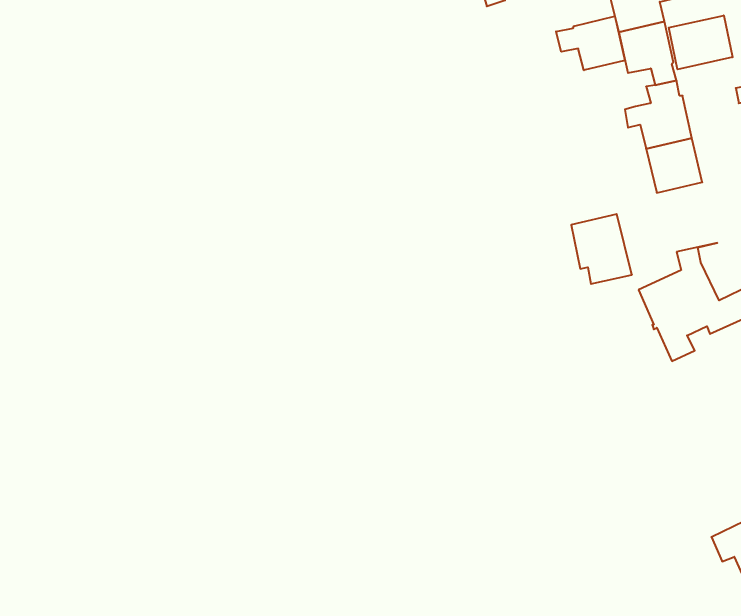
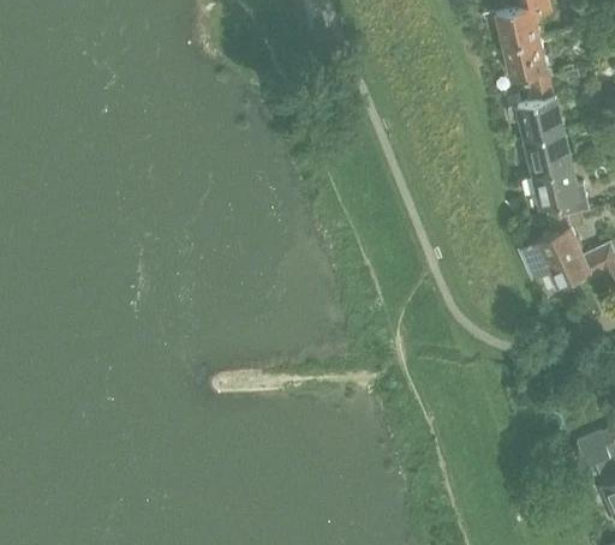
building: [669,15,733,69] -> none
building: [556,16,625,70] -> none
building: [571,214,632,284] -> [533,163,581,218]

